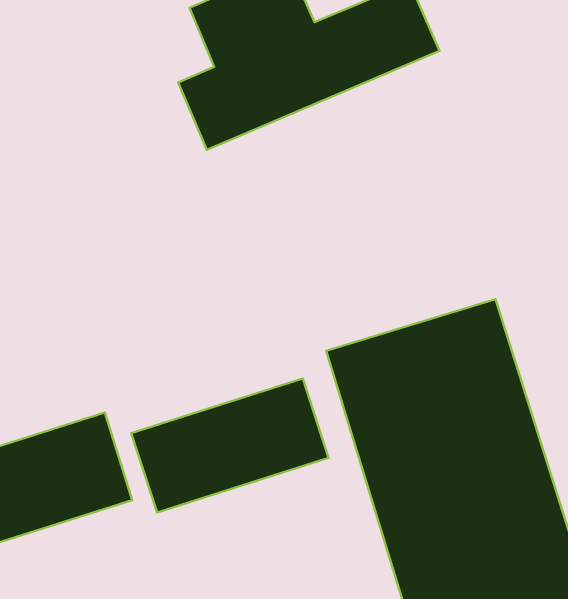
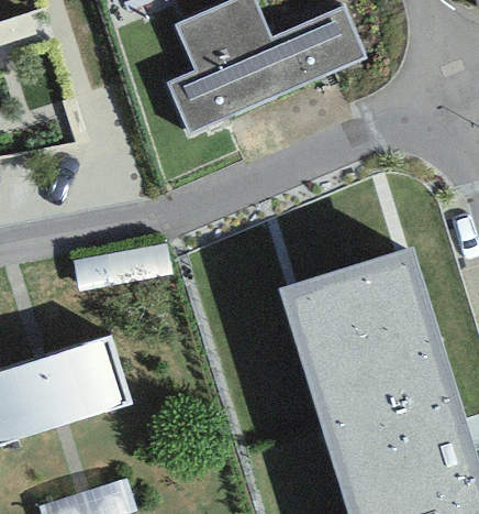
building: [131,379,329,512] -> none

